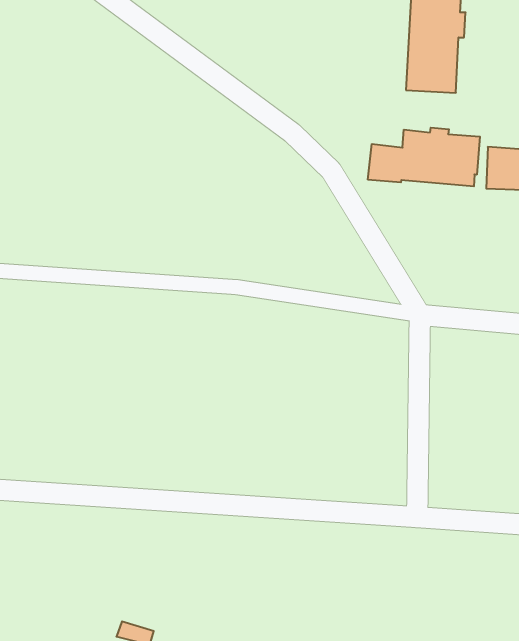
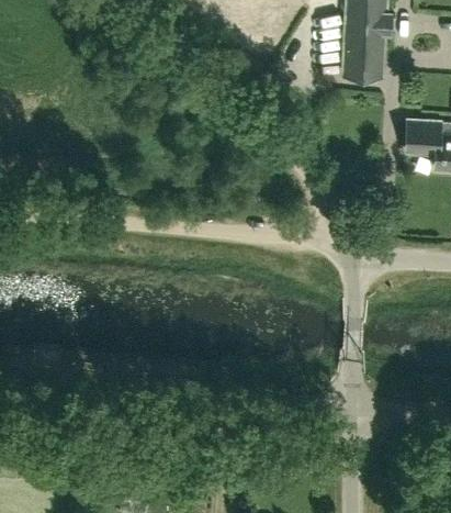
building: [368,128,480,186] -> none

